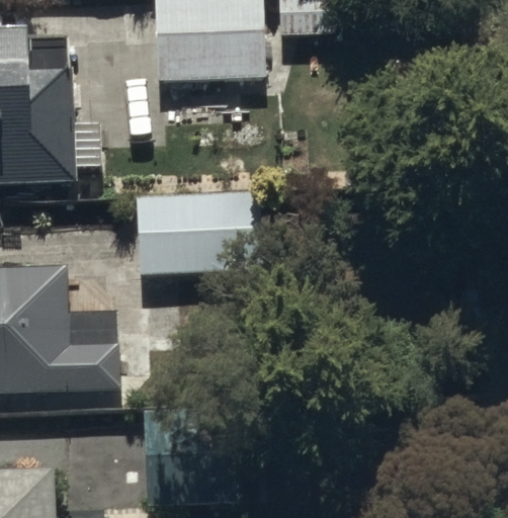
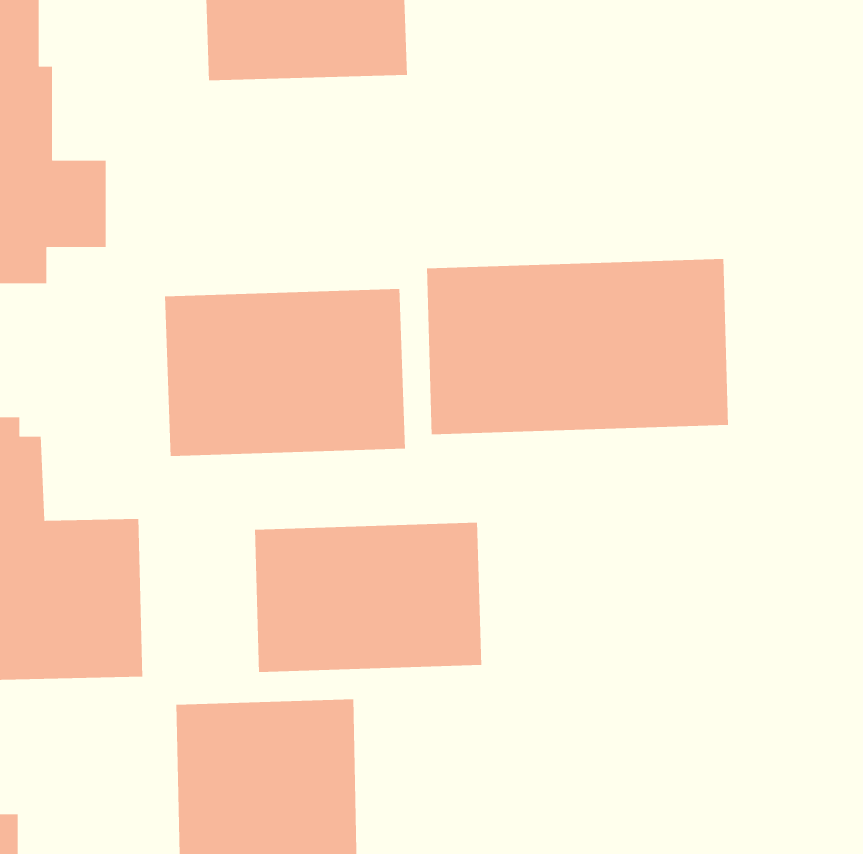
building: none -> [426,258,729,435]
building: none -> [254,522,482,673]

